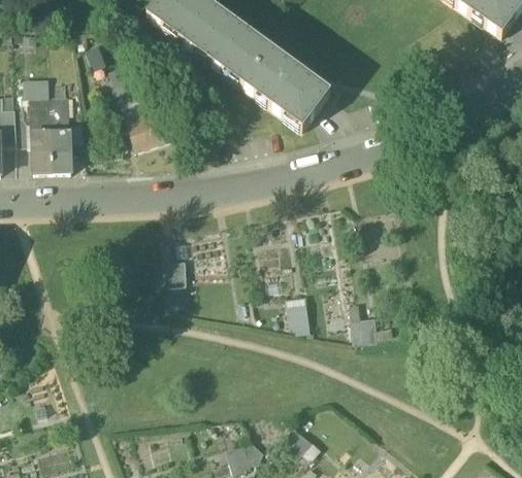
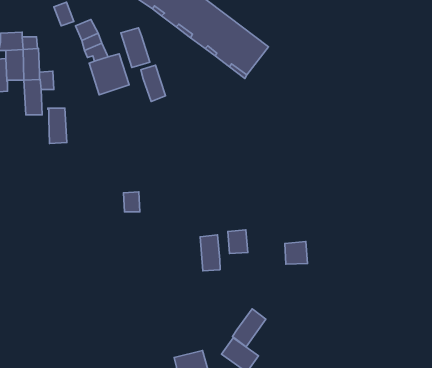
building: none -> [121,28,150,67]
building: none -> [141,65,165,101]
building: [32,129,54,169] -> [48,108,67,143]
building: none -> [200,235,220,271]
building: none -> [232,309,266,347]

